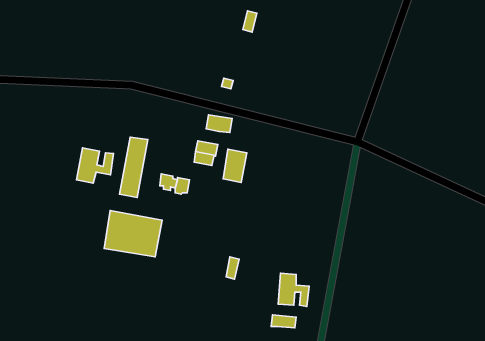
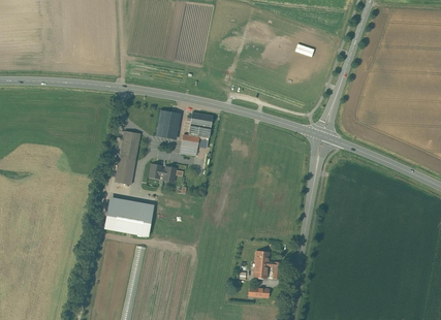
building: [77,148,114,183] -> none
building: [223,149,247,182] -> [157,110,178,139]

